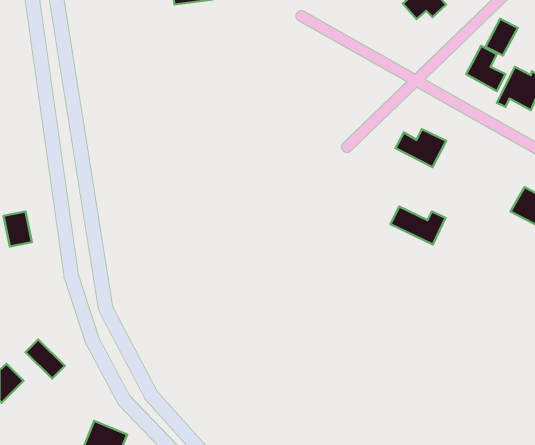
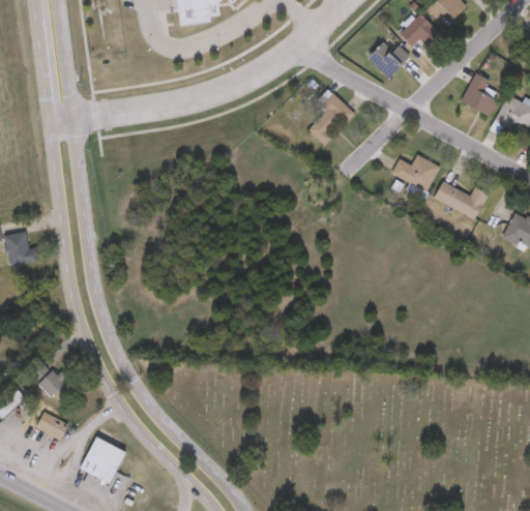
building: none -> [366,33,409,76]
building: [485,19,518,56] -> none
building: none -> [307,89,354,144]
building: [391,206,446,244] -> [434,180,488,217]
building: none -> [37,413,71,443]

